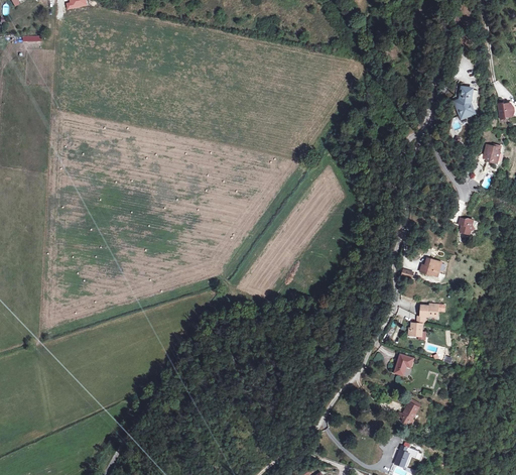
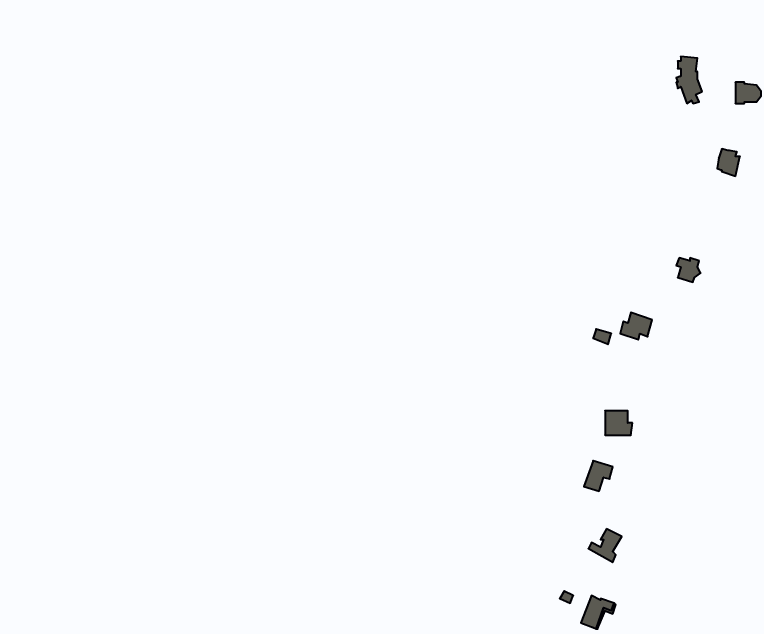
building: [417,303,446,322] -> none

